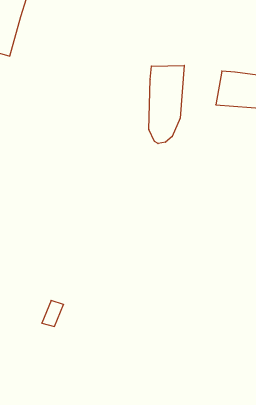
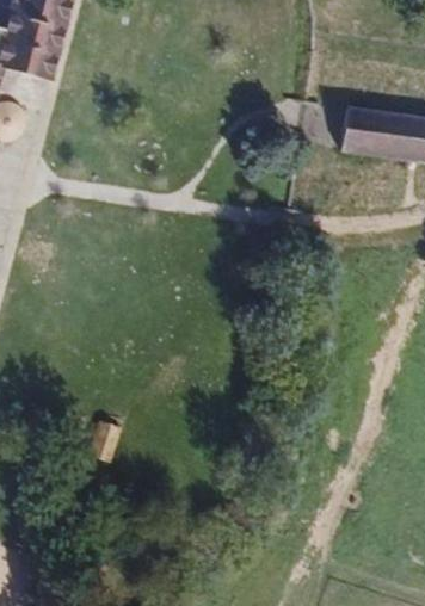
building: [149,65,184,144] -> none

